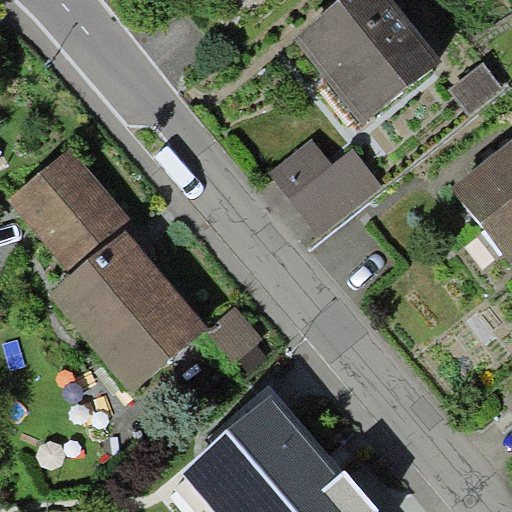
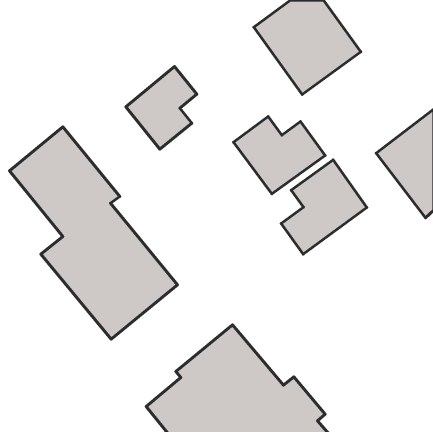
building: none -> [126,67,197,149]
building: none -> [281,160,367,254]

